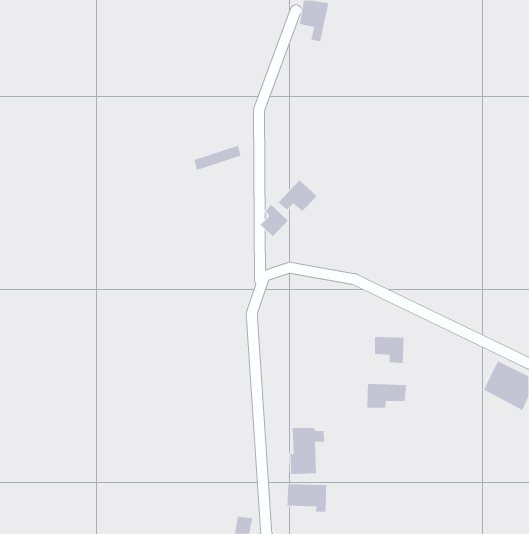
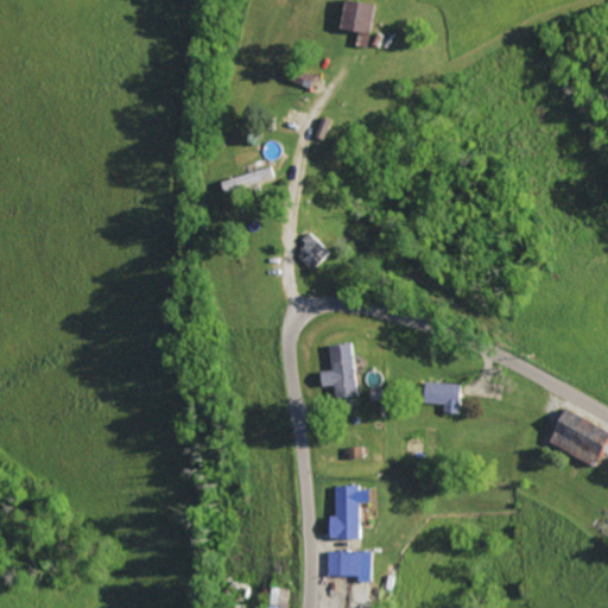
building: [278,179,318,212] -> none
building: none -> [321,343,356,398]
building: [367,383,407,409] -> none

